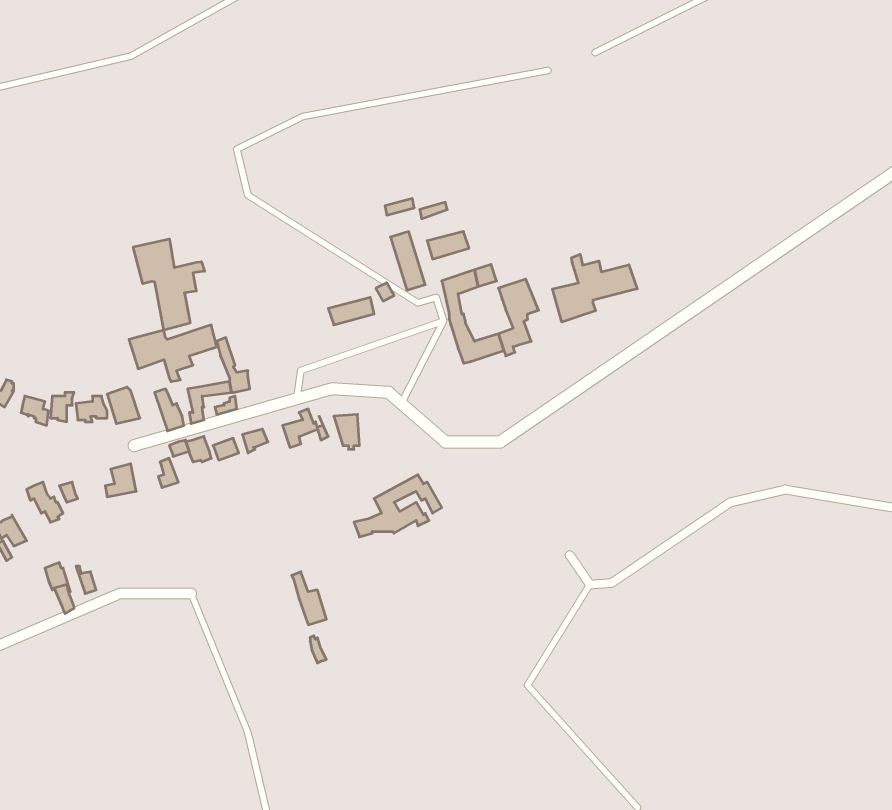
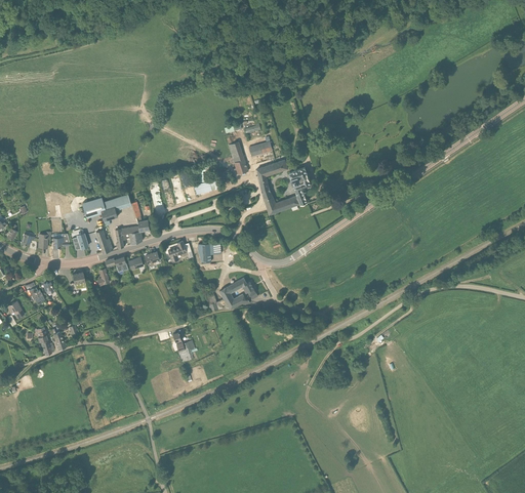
building: [133,239,205,330] -> none
building: [552,254,637,322] -> none

